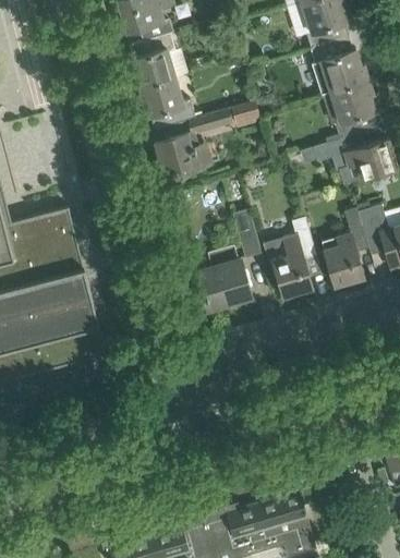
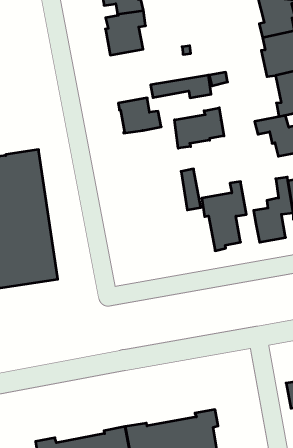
building: [140,80,196,131] -> none
building: none -> [175,108,224,148]
building: [196,247,250,312] -> none

